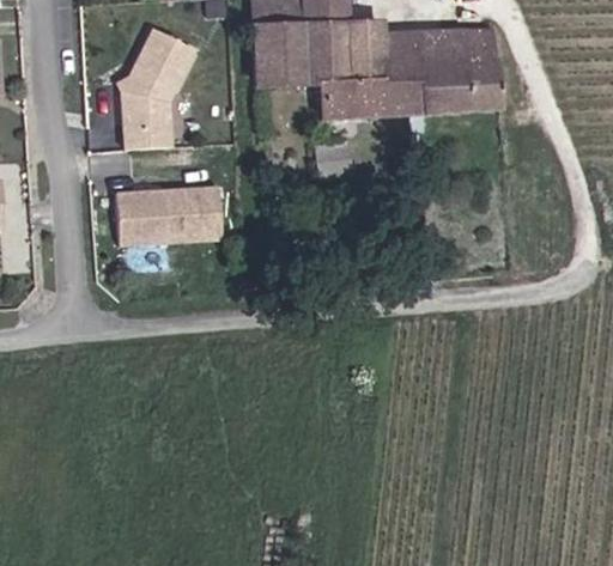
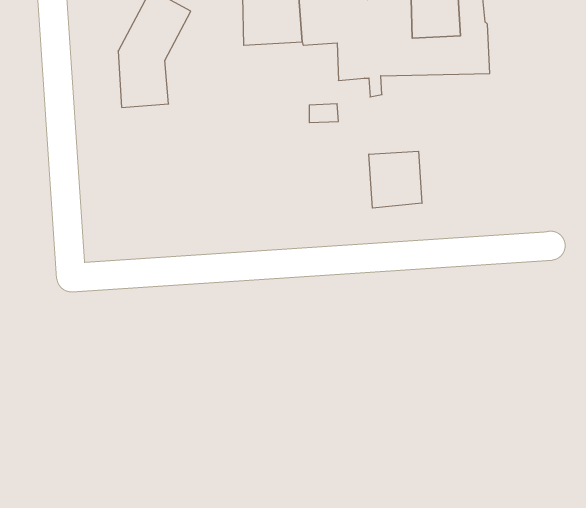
building: [119,183,226,243] -> none
building: none -> [369,151,422,208]

